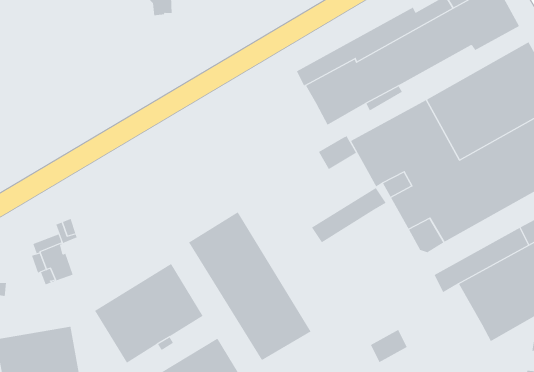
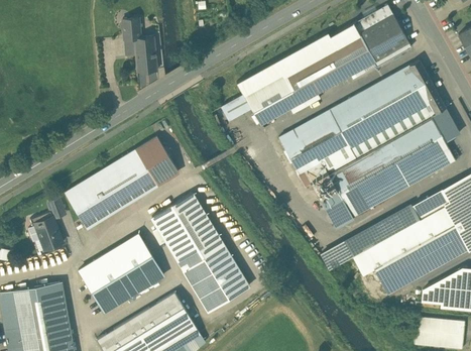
building: none -> [133,37,157,73]
building: [318,135,357,170] -> [221,95,251,122]
building: none -> [65,137,178,228]
building: [311,187,387,243] -> none
building: [370,329,408,363] -> [322,243,351,269]

